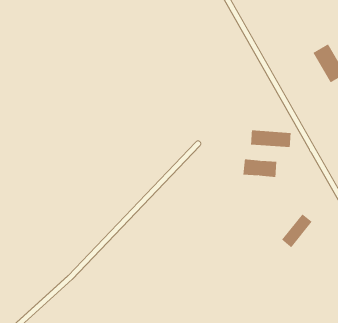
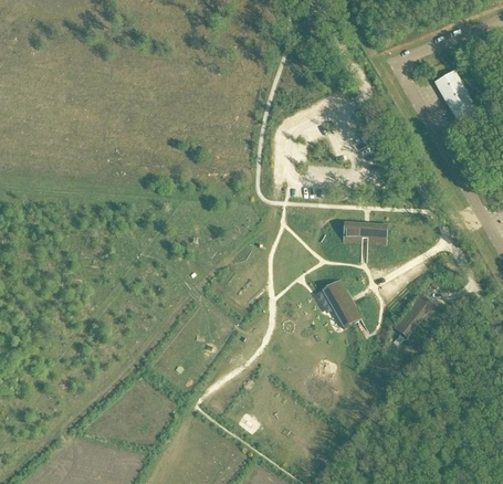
building: [250,130,291,148] -> none
building: none -> [322,278,363,328]

